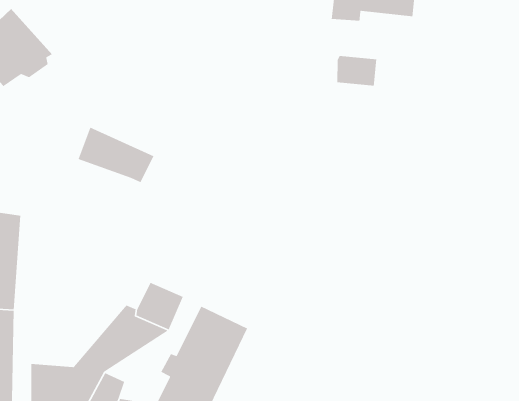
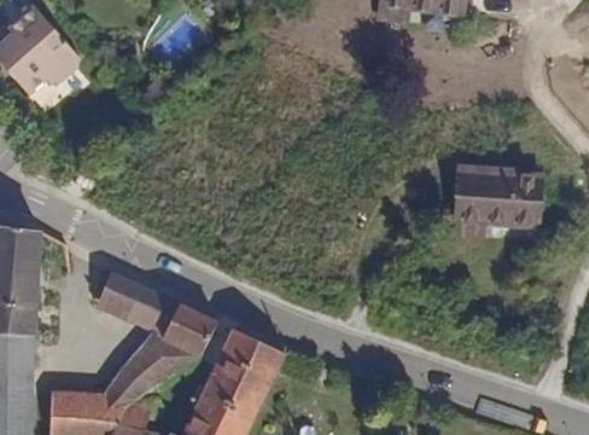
building: [336,55,377,87] -> none
building: [78,127,154,183] -> [98,272,180,332]
building: none -> [450,167,538,228]

